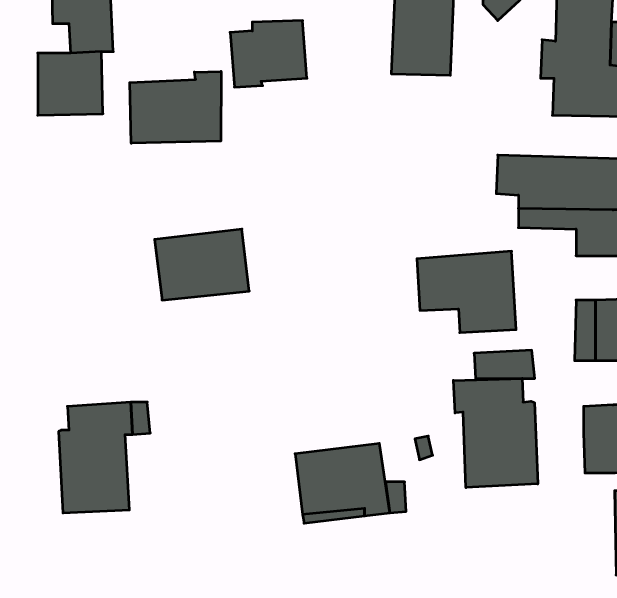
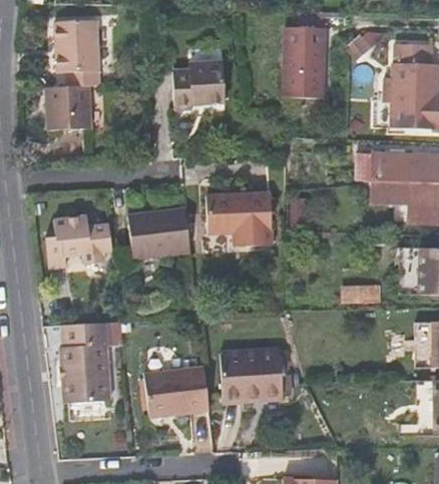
building: [130,71,221,143] -> none
building: none -> [42,210,109,261]
building: [417,251,516,333] -> [204,194,272,250]
building: [453,378,538,488] -> none
building: none -> [142,369,209,422]

